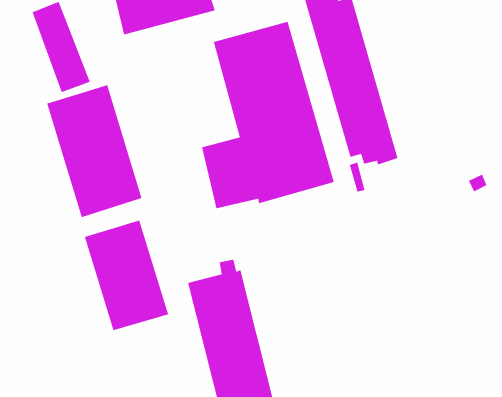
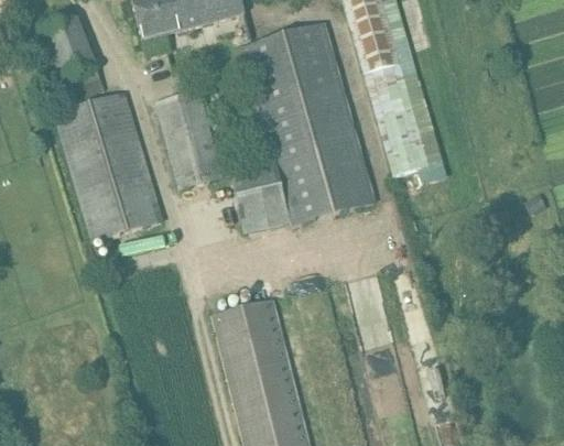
building: none -> [155,89,224,189]
building: [84,219,169,331] -> none

